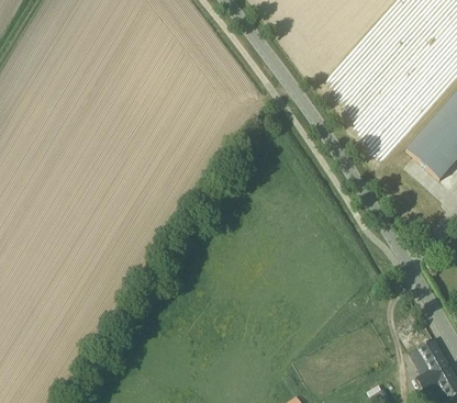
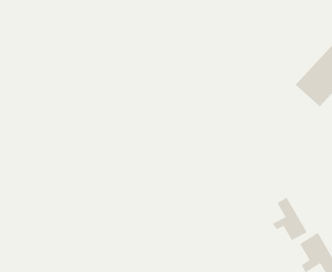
building: none -> [272,196,308,241]

